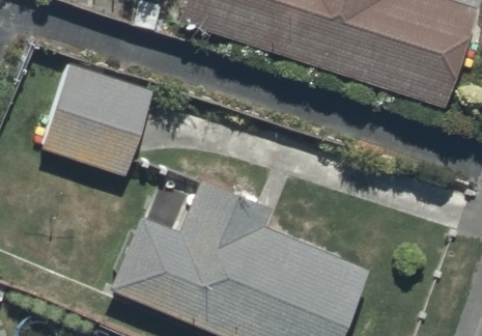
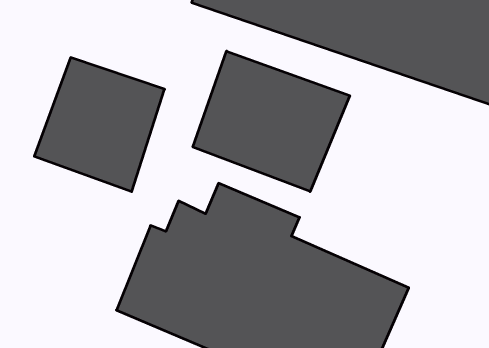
building: none -> [193,51,350,192]

